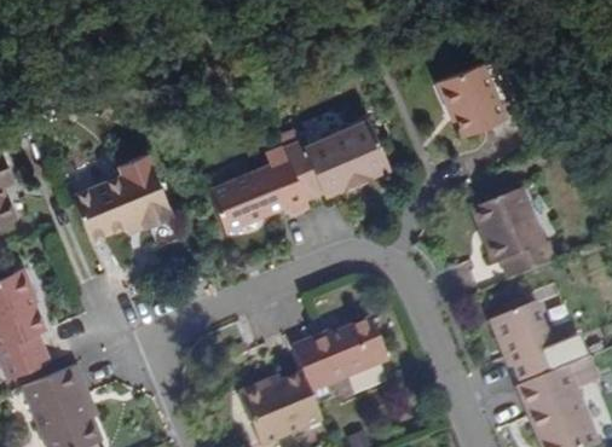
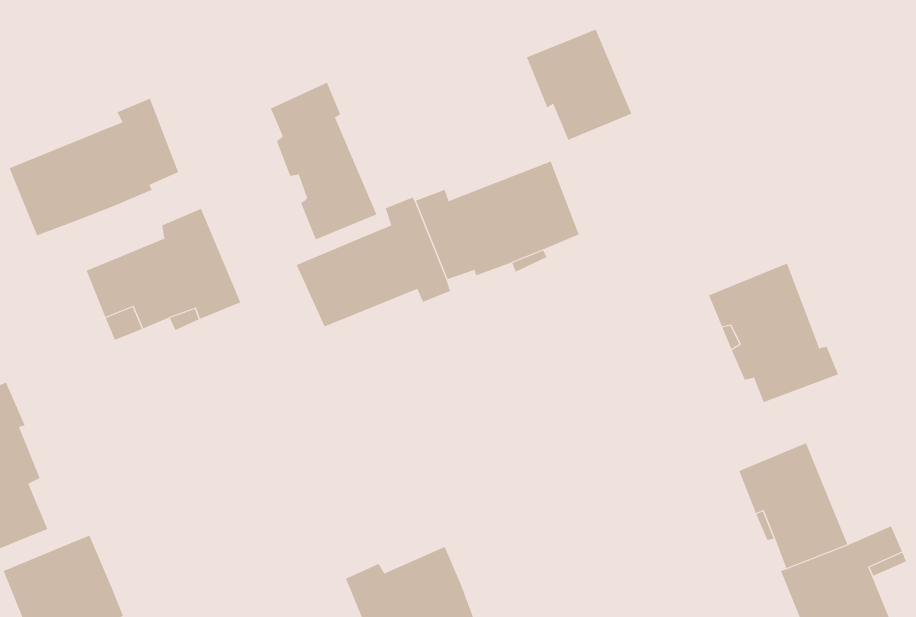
building: [438,65,506,137] -> [526,29,632,140]
building: none -> [270,82,377,240]
building: none -> [9,98,179,236]
building: [294,317,392,395] -> none

